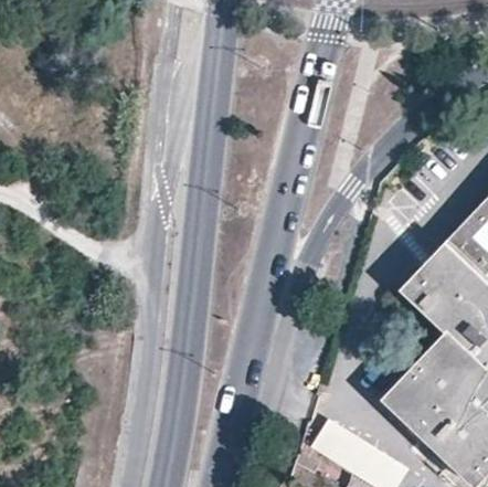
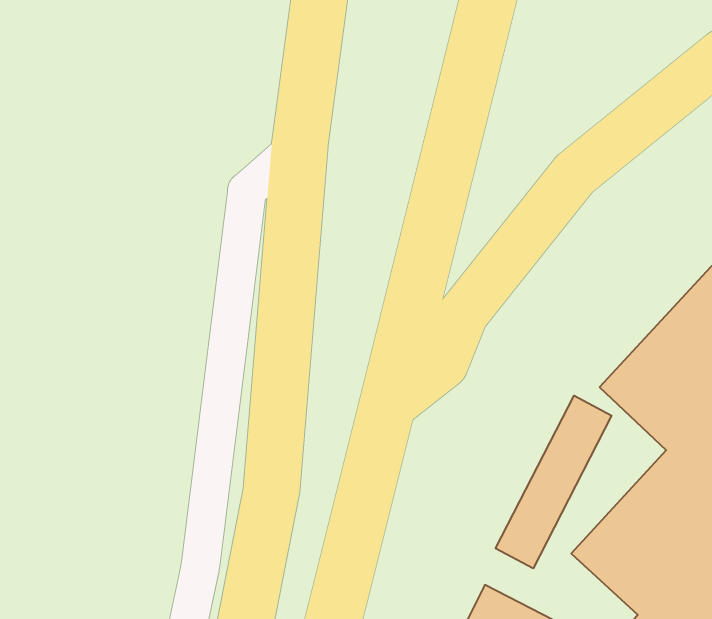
building: none -> [496,396,612,568]

